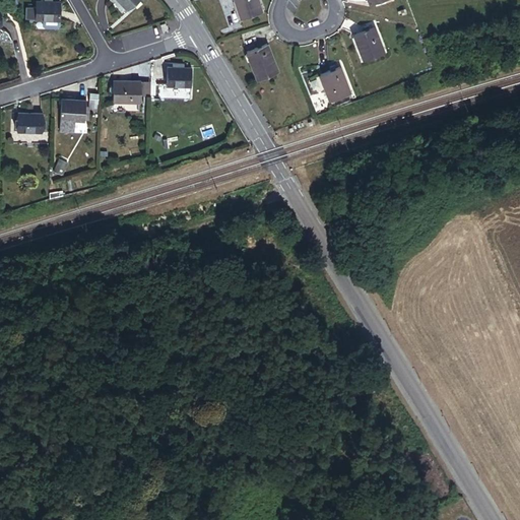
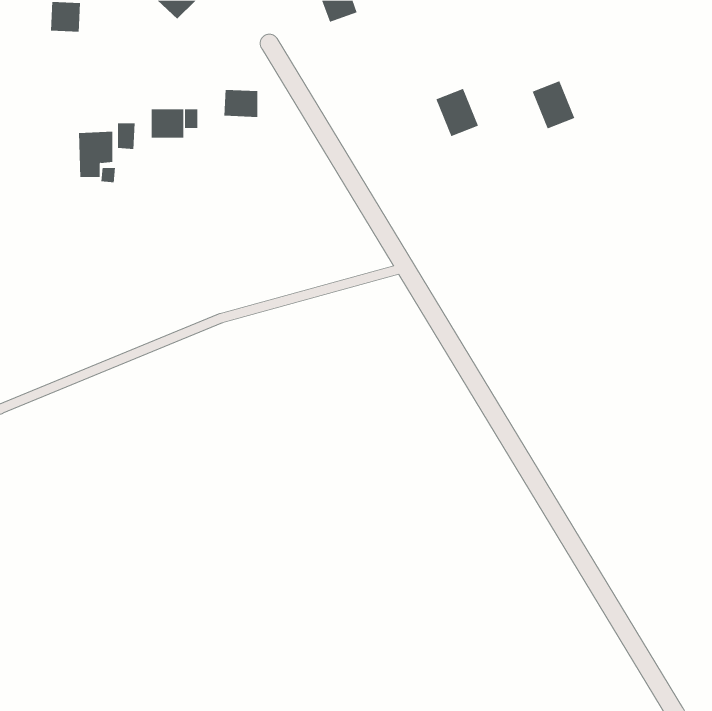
building: [354,24,386,60] -> [532,80,575,129]
building: [250,46,281,81] -> none
building: [18,112,41,132] -> none

